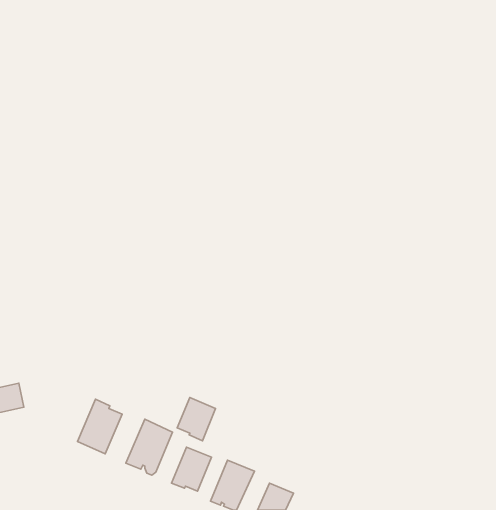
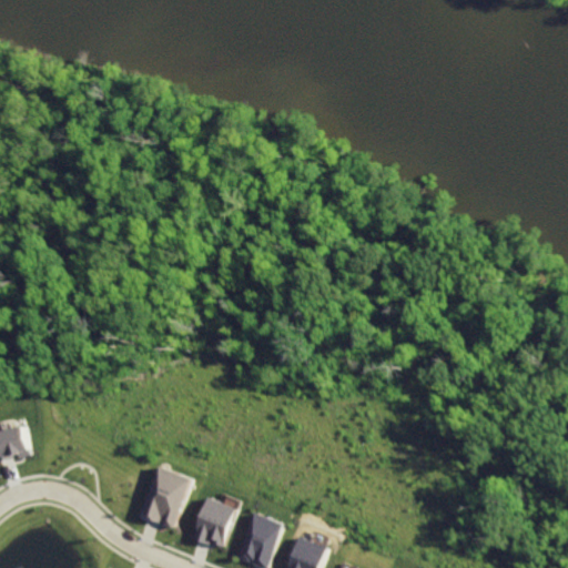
building: [177,398,216,441] -> none
building: [77,399,122,454] -> none

